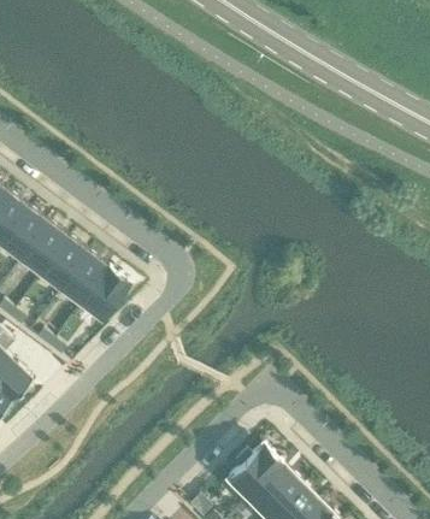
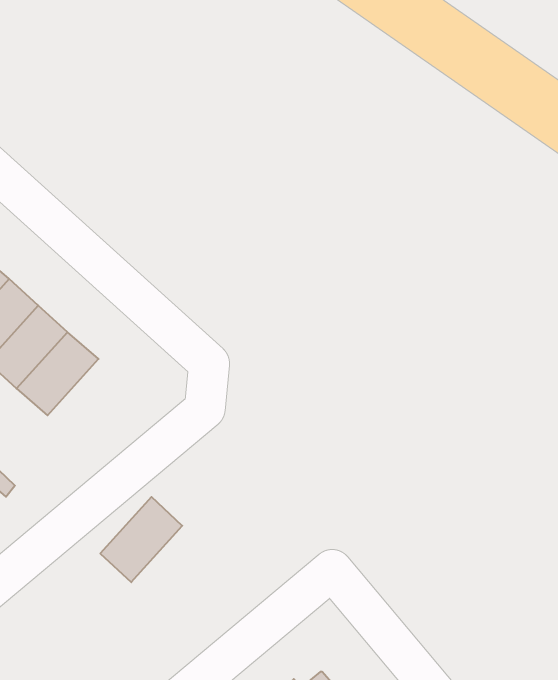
building: [79,266,128,319] -> [100,497,182,582]

